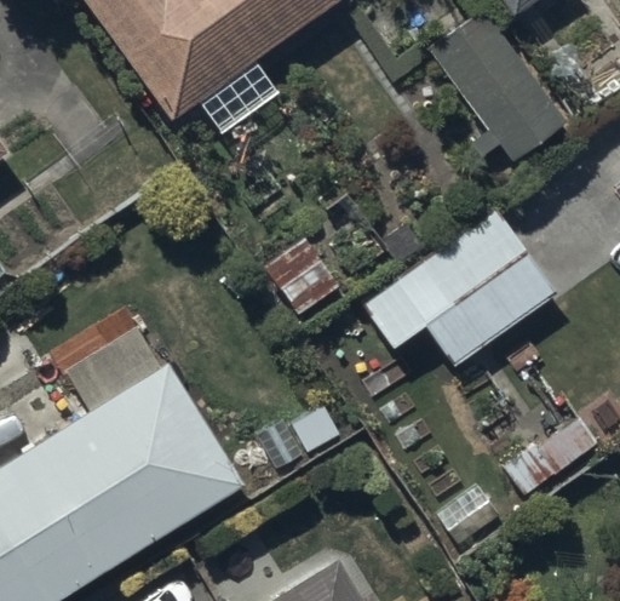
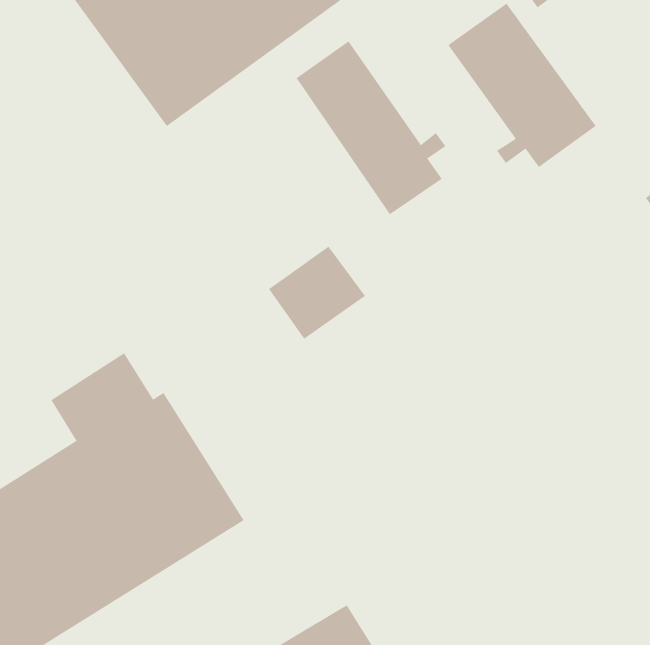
building: none -> [296,40,446,215]
building: [363,211,555,366] -> none

